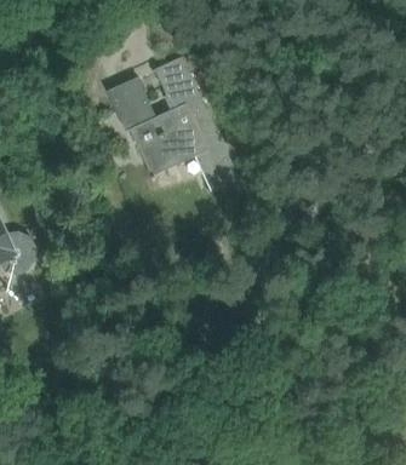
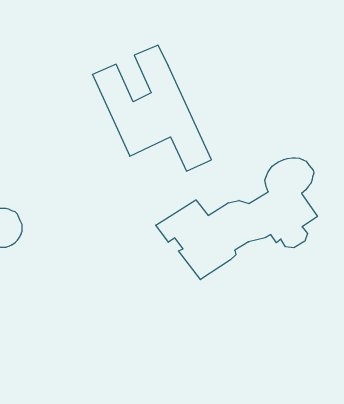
building: none -> [156,158,317,280]

